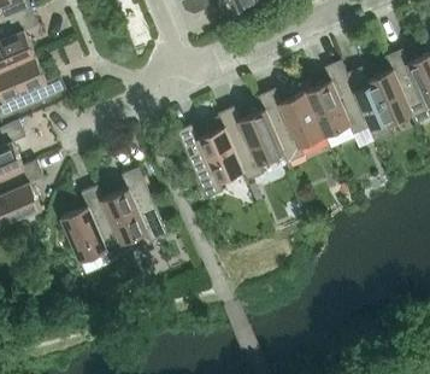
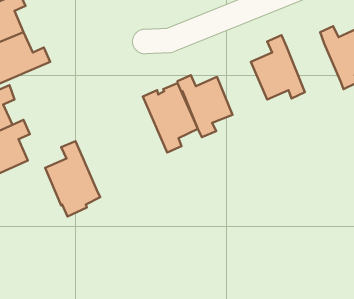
building: [347,66,411,140] -> none
building: [258,88,324,162] -> none
building: [104,168,167,242] -> none

